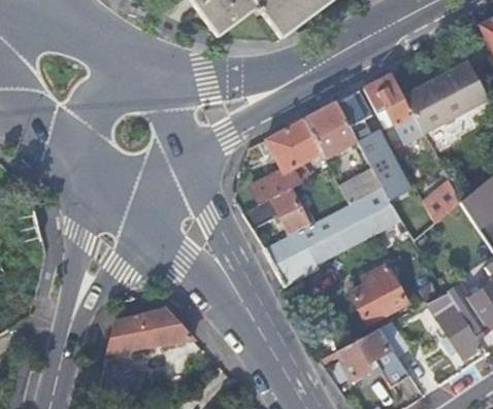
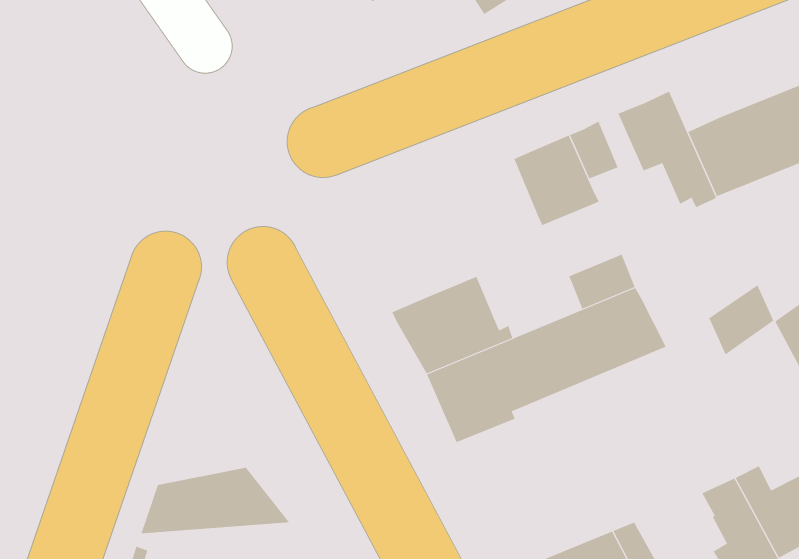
building: [251,120,322,204] -> none
building: [354,128,408,194] -> none
building: [352,267,407,323] -> none

